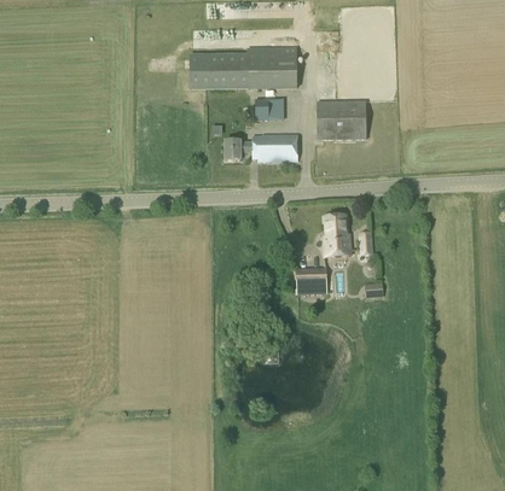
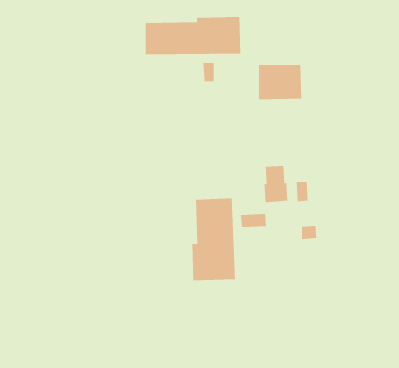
building: [225,134,298,159] -> none
building: none -> [192,197,235,281]

